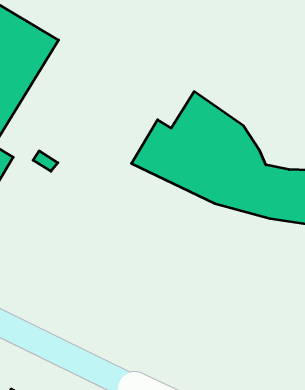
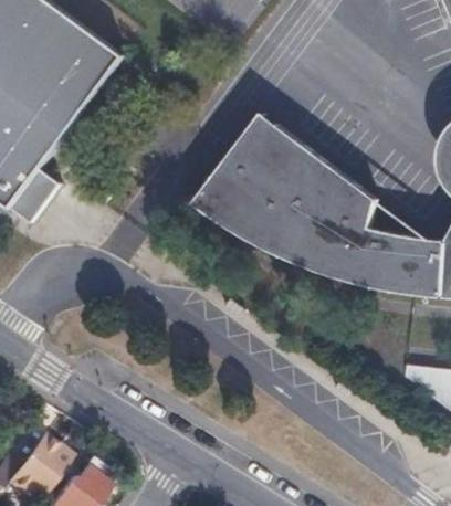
building: none -> [228,113,376,226]

